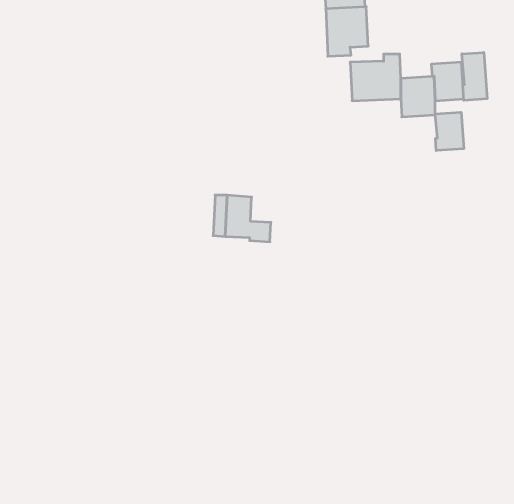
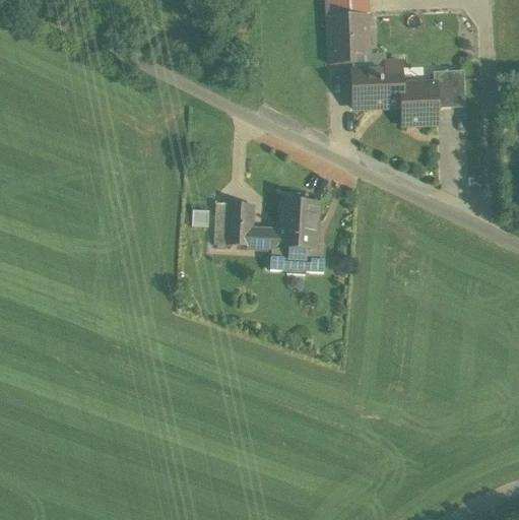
building: [462,52,487,100] -> none
building: [435,112,464,151] -> none
building: none -> [270,191,324,273]

